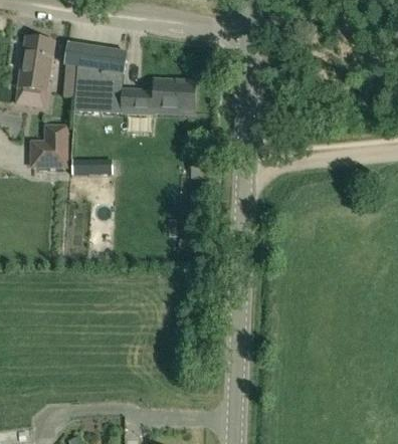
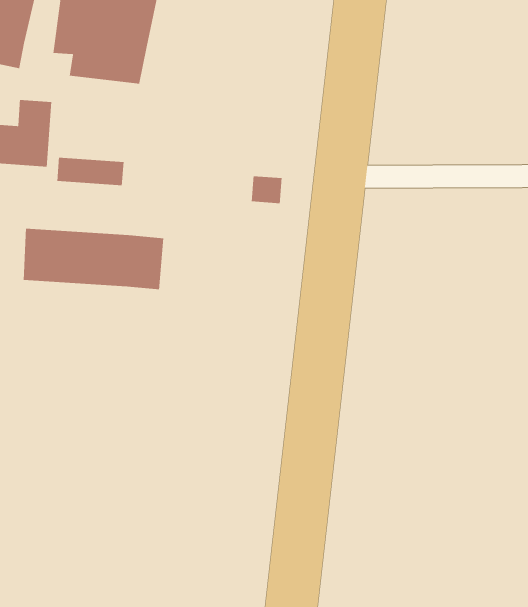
building: [119,77,193,114] -> none
building: none -> [23,228,164,290]

